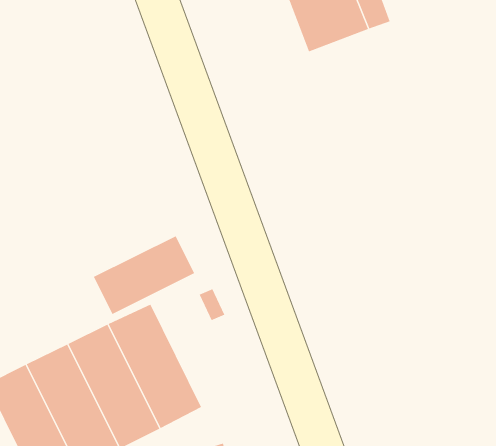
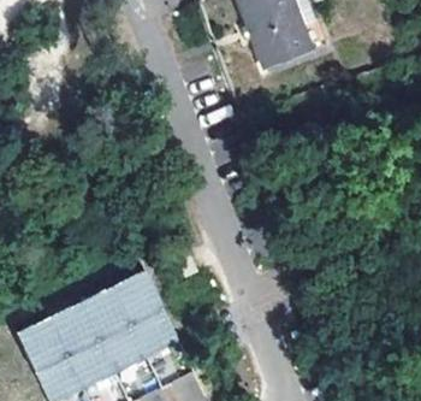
building: [93,235,195,315] -> none

